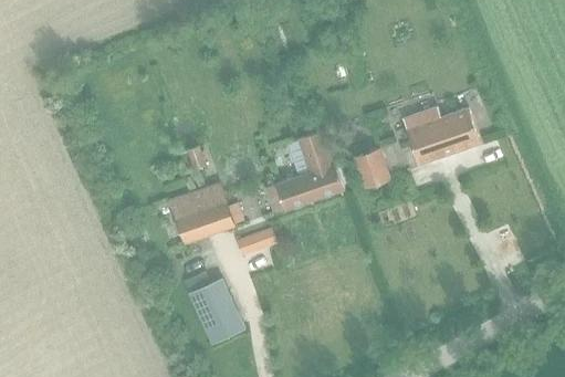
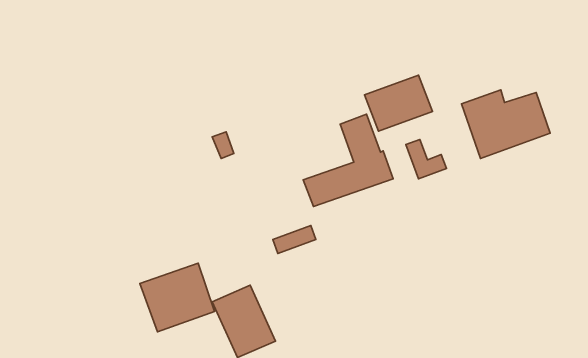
building: none -> [365,75,432,131]
building: [170,182,236,242] -> [140,263,215,332]

